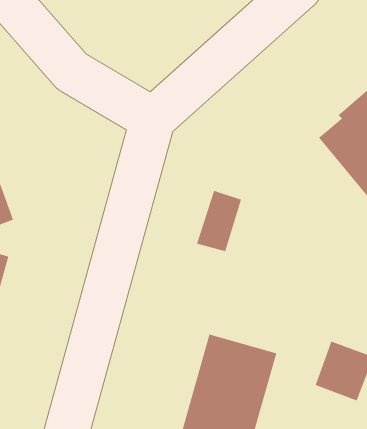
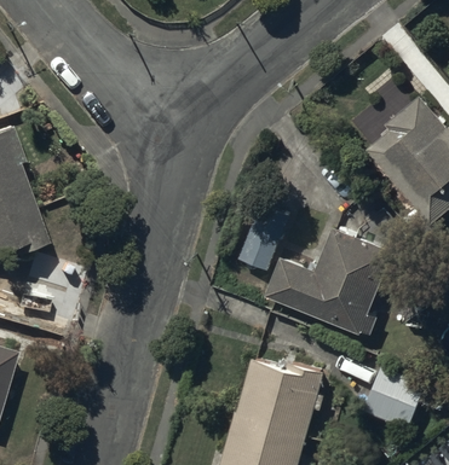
building: none -> [265,226,395,337]

